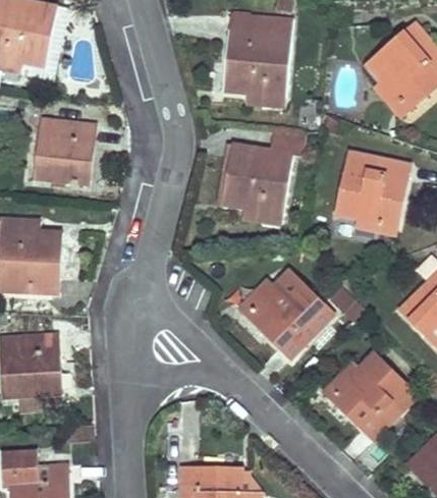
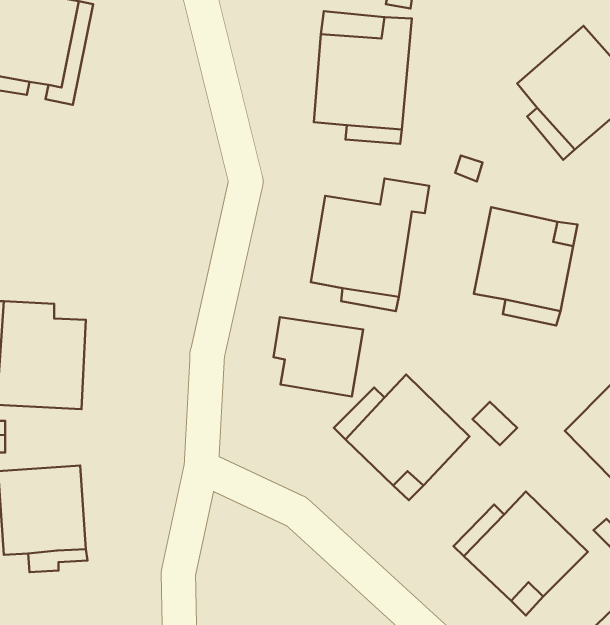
building: [33,119,96,184] -> none
building: none -> [274,317,363,397]

